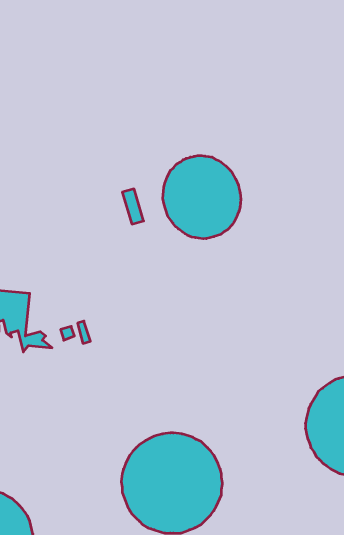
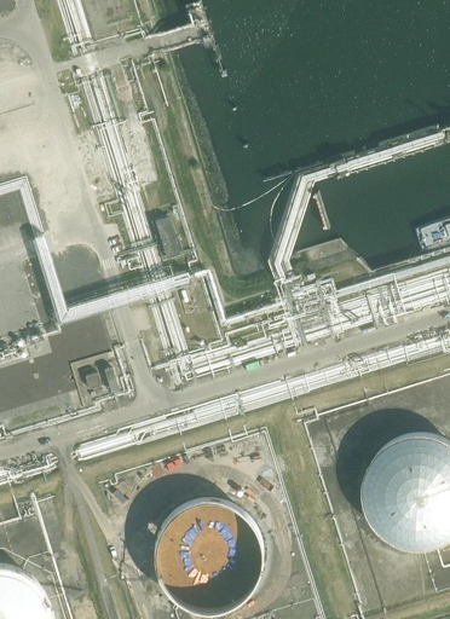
building: [163,156,241,239] -> none

